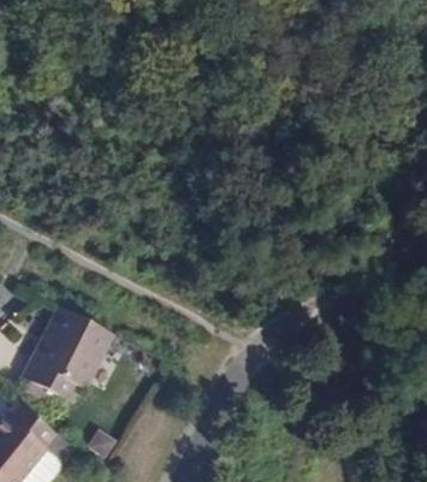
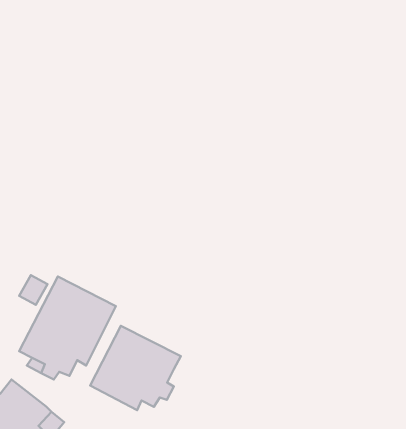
building: none -> [90,326,181,410]

